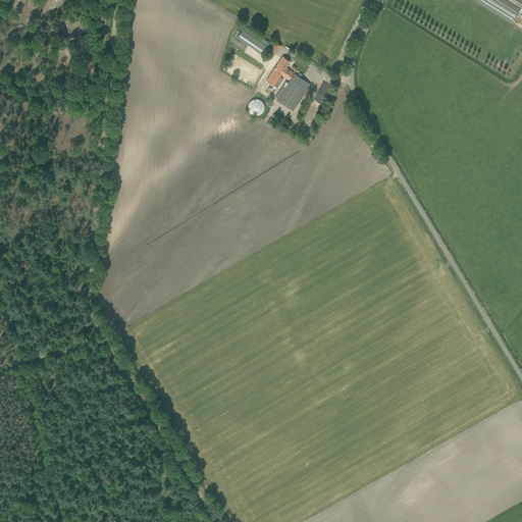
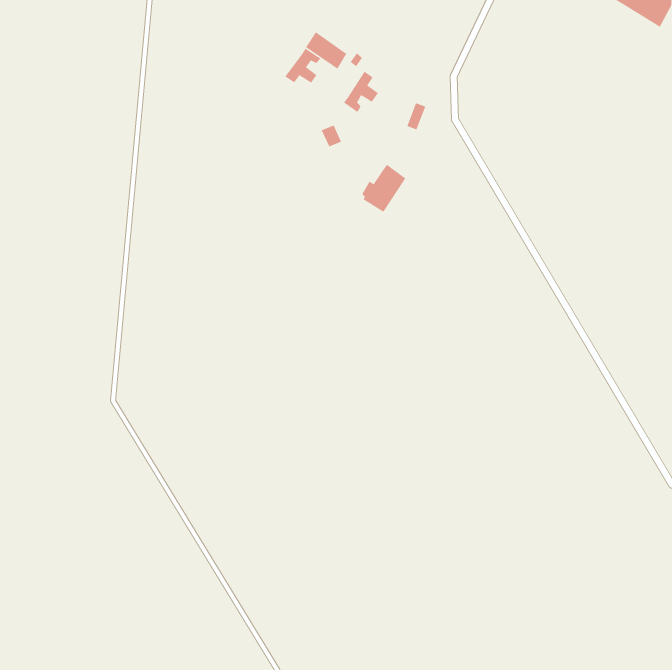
building: none -> [284,48,321,84]
building: [275,72,310,110] -> [361,164,406,213]

